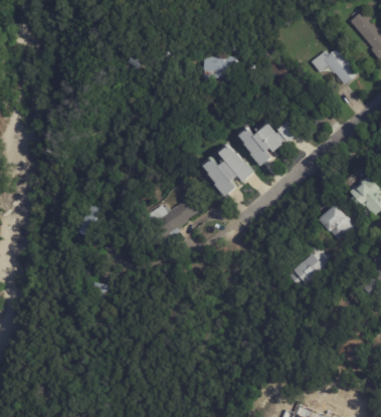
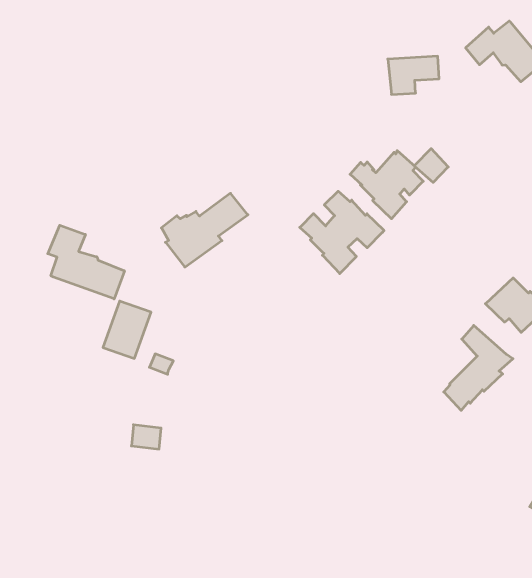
building: [203,56,234,78] -> [388,56,439,94]
building: none -> [48,225,124,299]
building: [151,193,205,237] -> [161,193,248,267]

